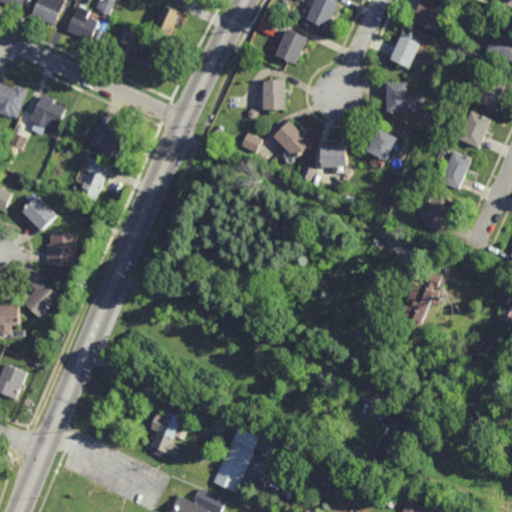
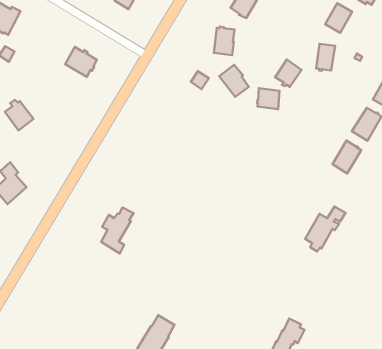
building: [28,93,64,130] -> none
building: [368,126,398,158] -> [275,59,301,87]
building: [77,156,108,201] -> none
building: [46,232,74,267] -> none
building: [148,403,183,458] -> [101,207,133,253]

